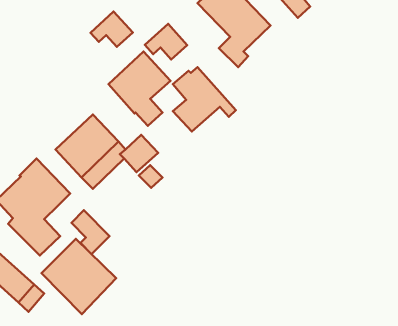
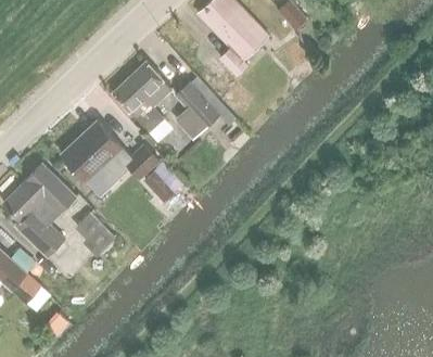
building: [90,12,133,47] -> none
building: [145,24,187,59] -> none
building: [41,239,116,314] -> none

